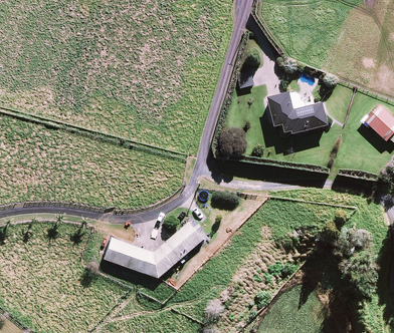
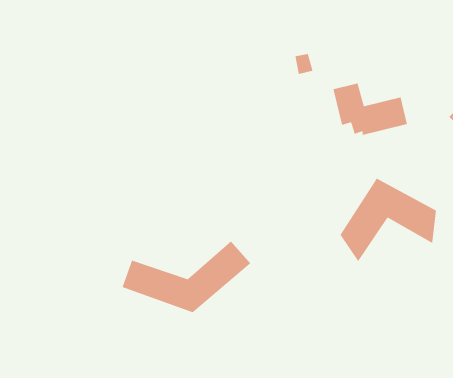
building: none -> [339,177,437,262]

